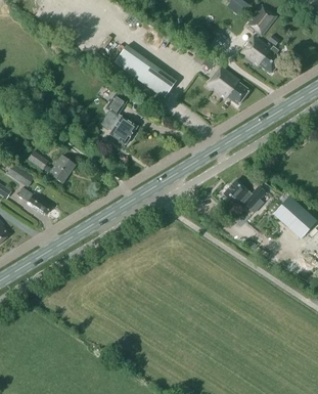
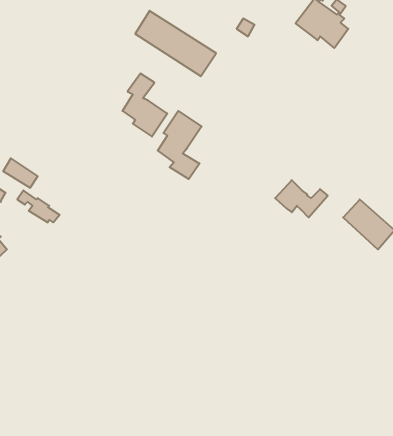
building: [207,65,248,104] -> none
building: none -> [158,111,202,179]
building: [28,150,75,183] -> none

